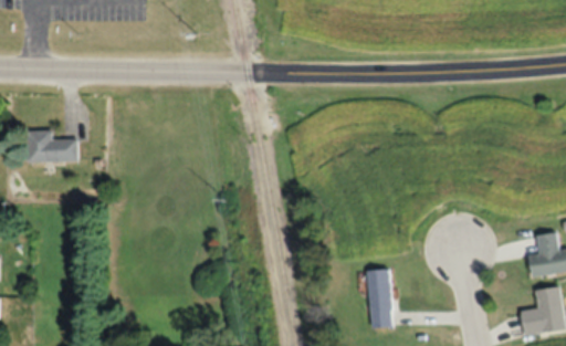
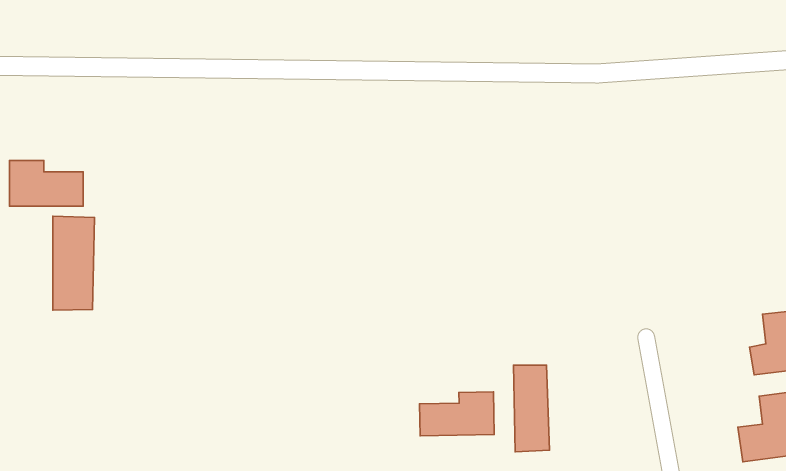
building: none -> [53,216,94,310]
building: none -> [419,392,494,436]

